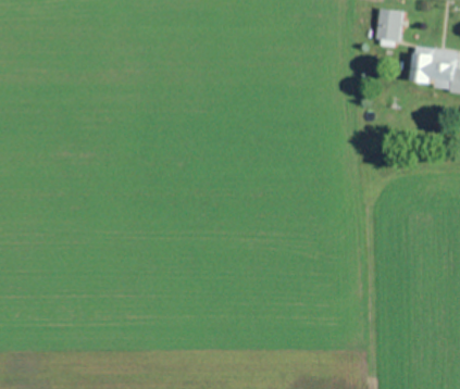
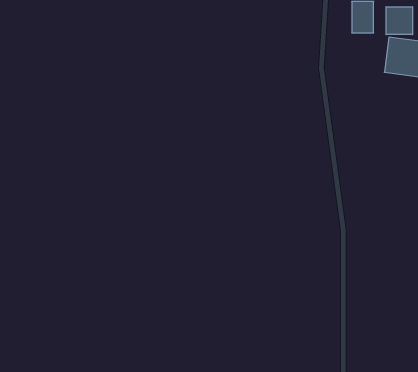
building: none -> [386,7,413,35]

